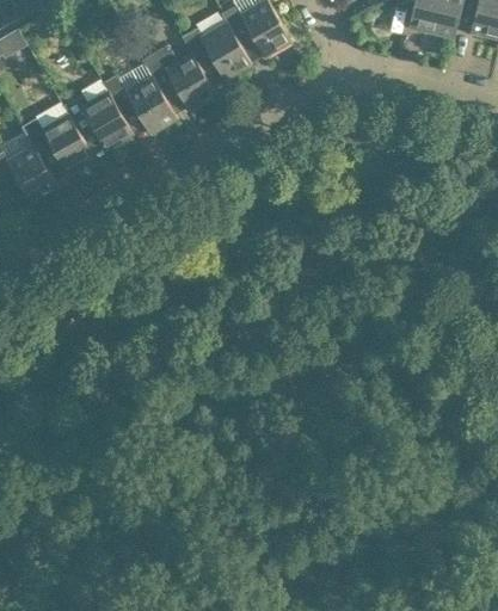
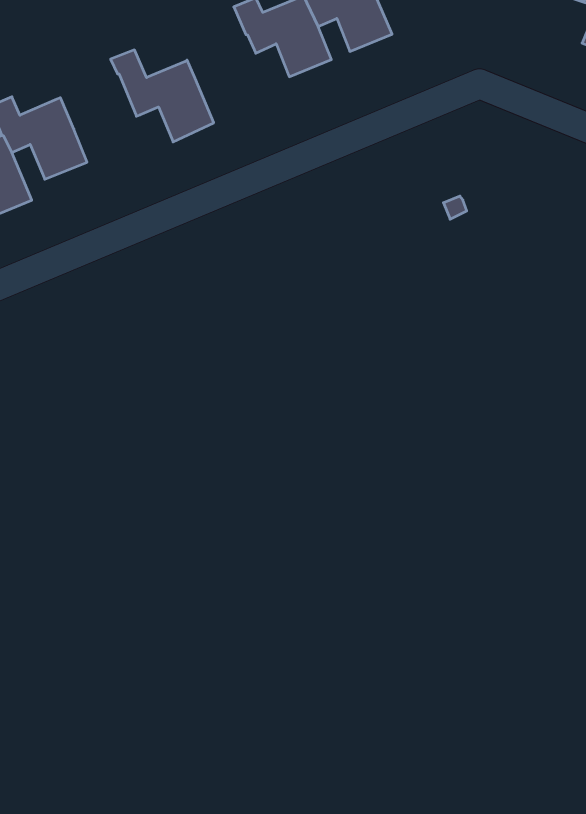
building: [140,44,216,110] -> none
building: [60,92,131,148] -> none

